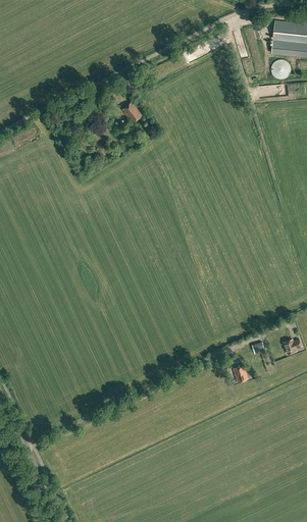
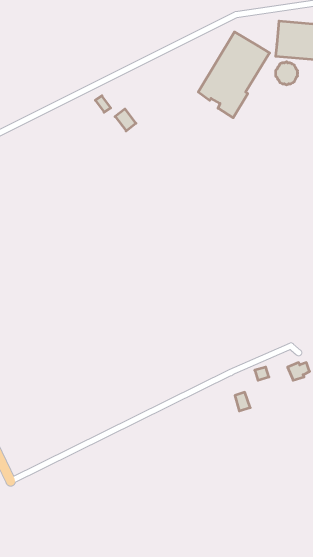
building: none -> [198,32,270,118]

